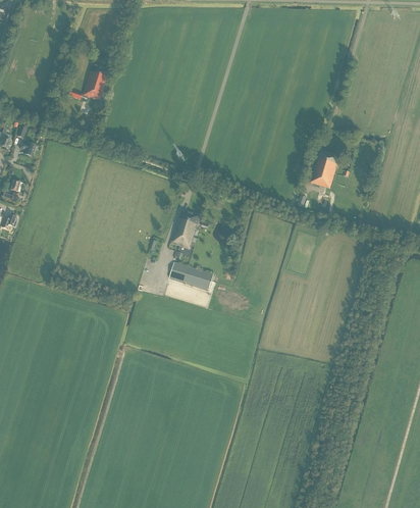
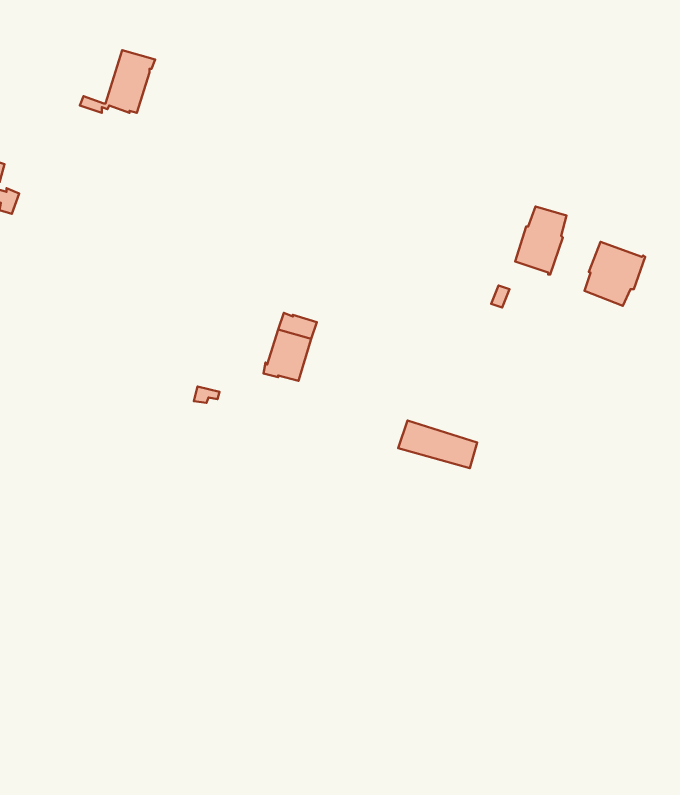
building: none -> [585,242,645,306]
building: [168,263,212,290] -> [398,421,477,468]

